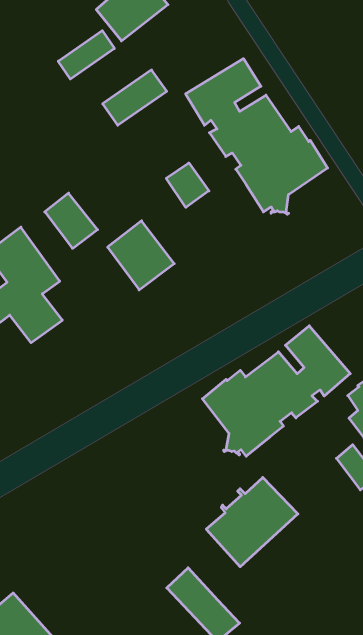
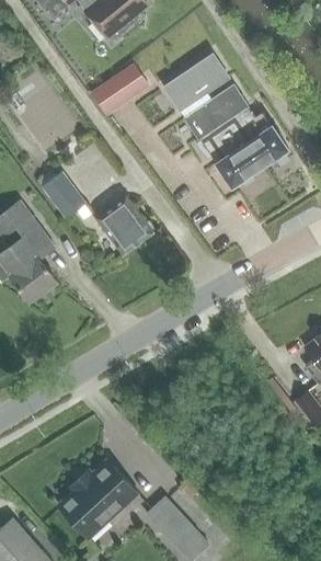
building: [58,31,114,79] -> none
building: [166,163,209,207] -> none
building: [202,326,350,456] -> none
building: [206,477,298,567] -> [58,461,138,539]

